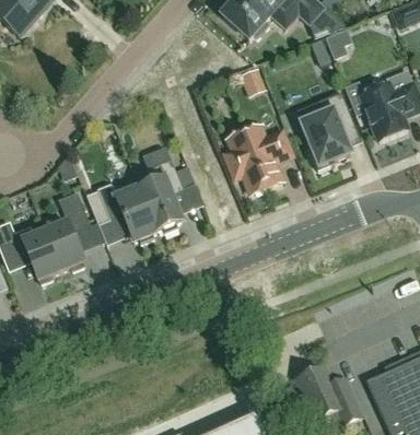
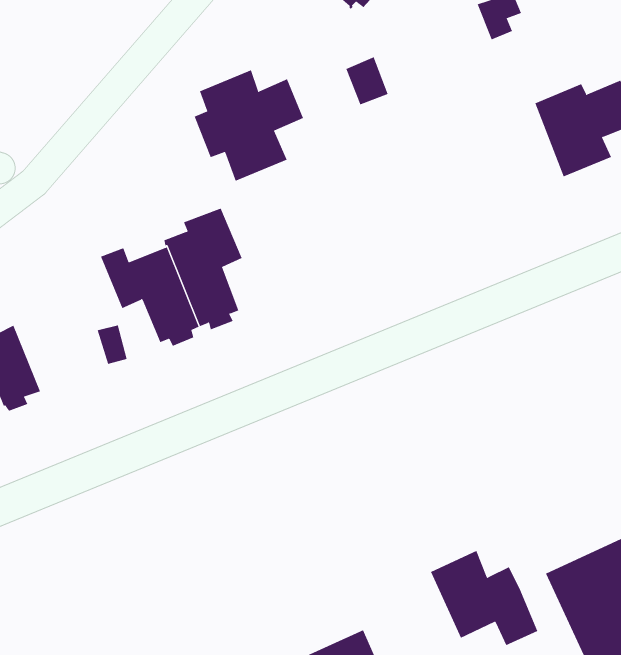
building: [302,91,355,169] -> none
building: [224,125,291,192] -> [194,70,304,181]
building: [44,191,91,270] -> none

